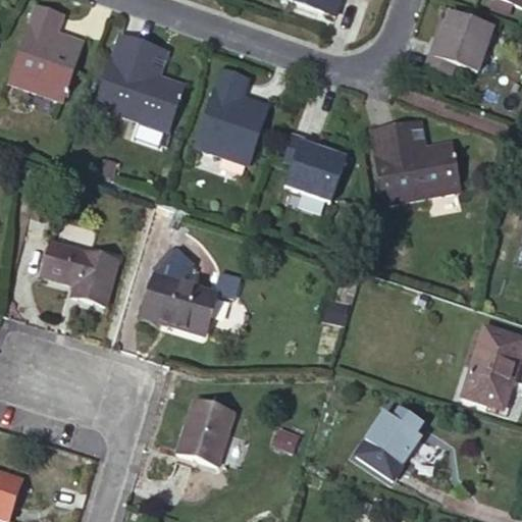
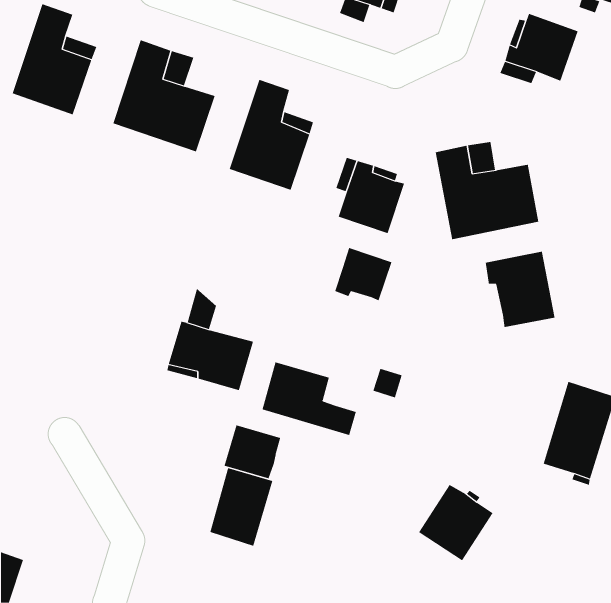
building: none -> [335,247,392,301]
building: none -> [485,251,555,328]
building: [42,240,118,304] -> none
building: none -> [262,362,357,436]
building: none -> [224,425,281,479]

